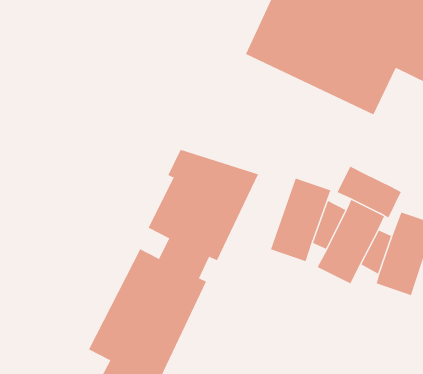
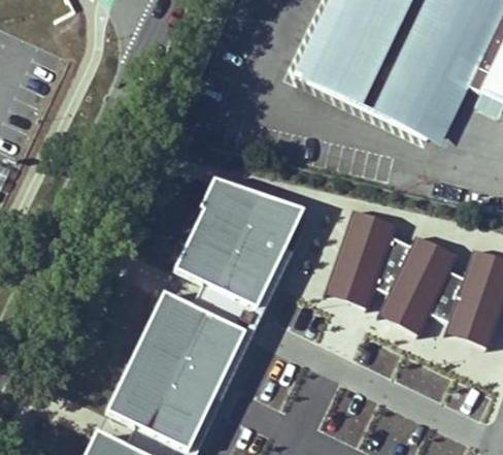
building: [337,166,402,218] -> none

